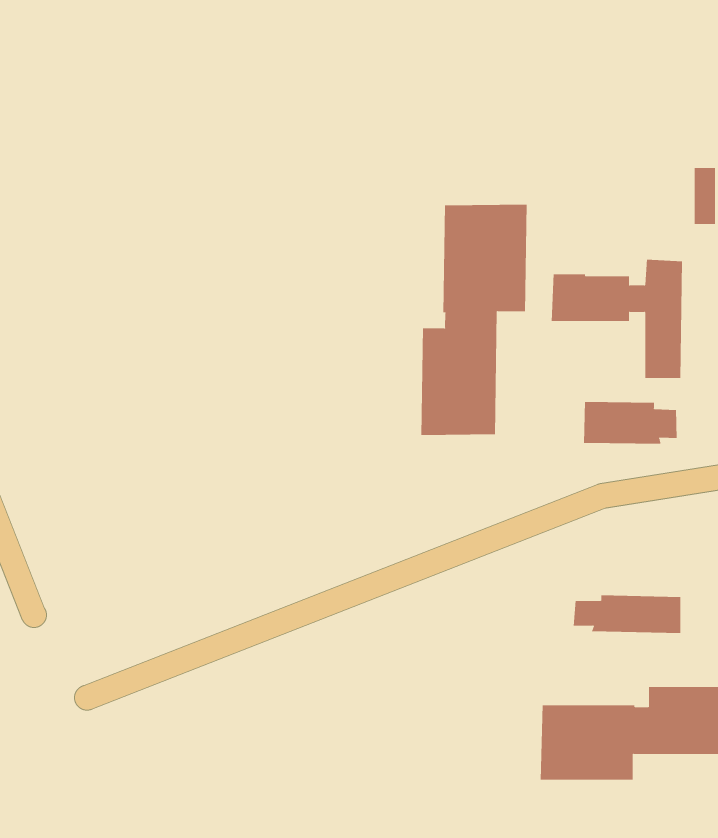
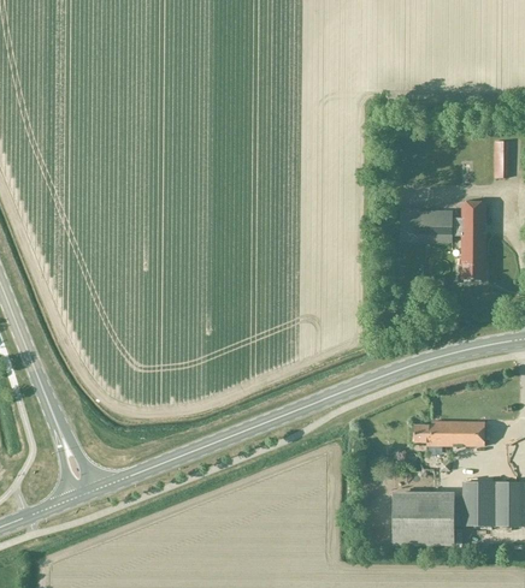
building: [421,204,527,436] -> none
building: [583,401,677,445] -> none

